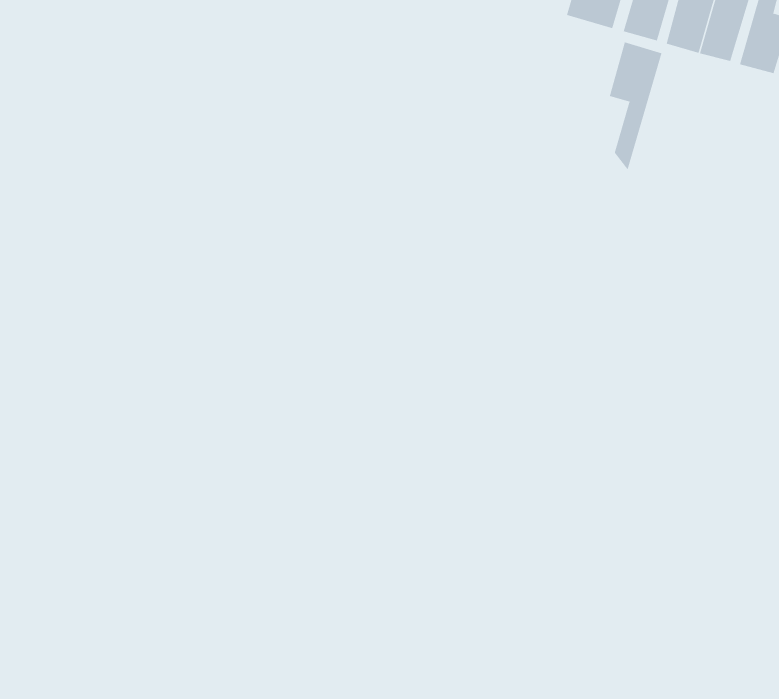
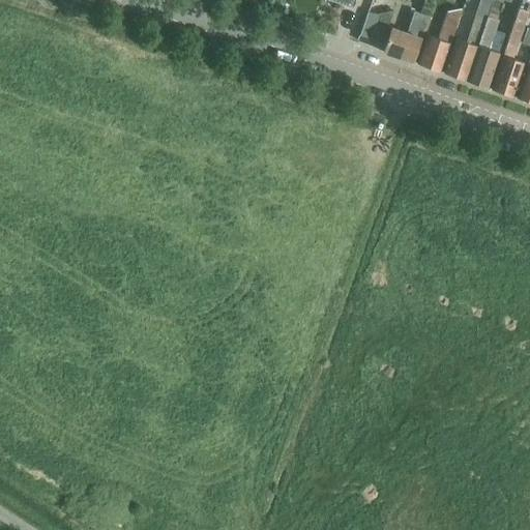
building: [609,41,662,171] -> none

